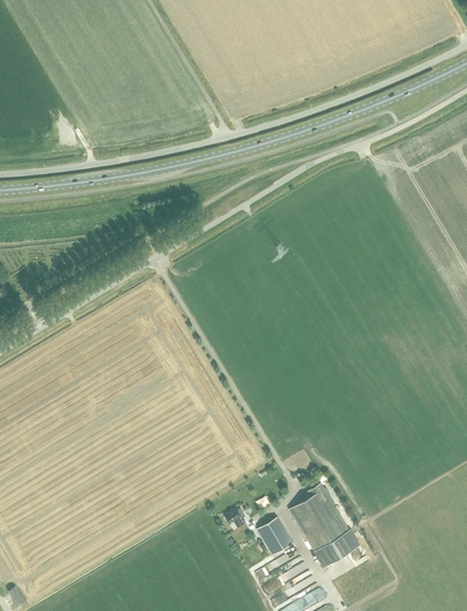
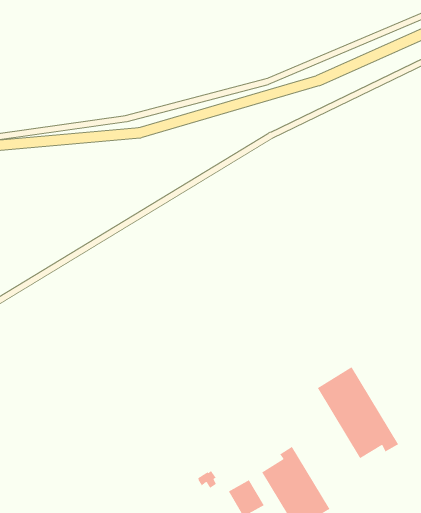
building: none -> [317,366,399,459]

